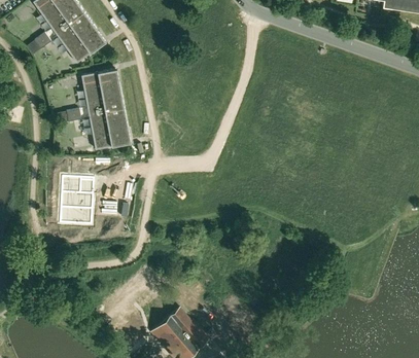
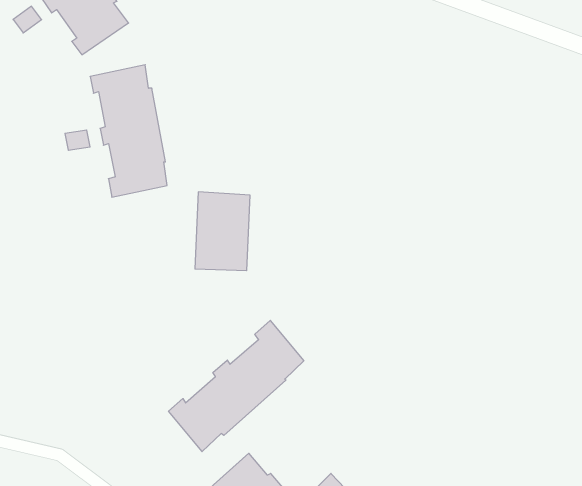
building: [60,178,94,226] -> [195,192,250,271]
building: none -> [169,320,304,452]

